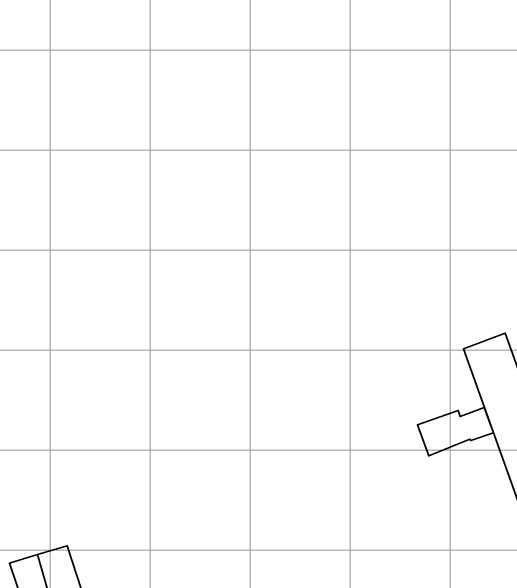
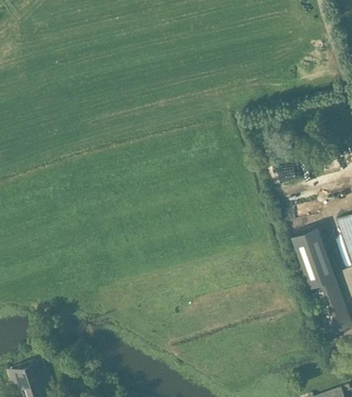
building: [417,408,493,456] -> none

